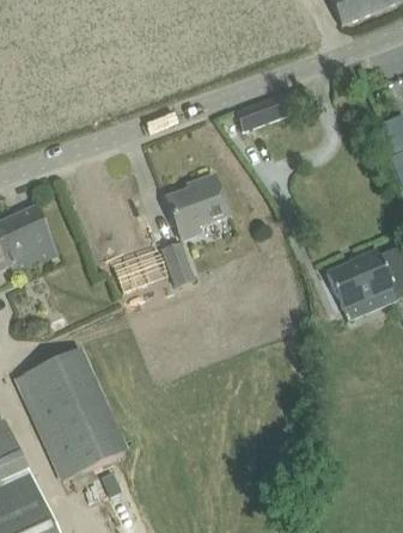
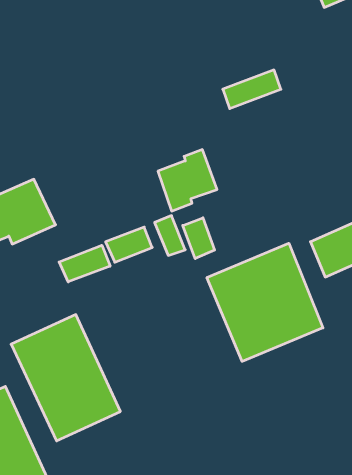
building: none -> [183,218,215,259]
building: none -> [207,243,323,361]
building: none -> [59,245,110,282]

